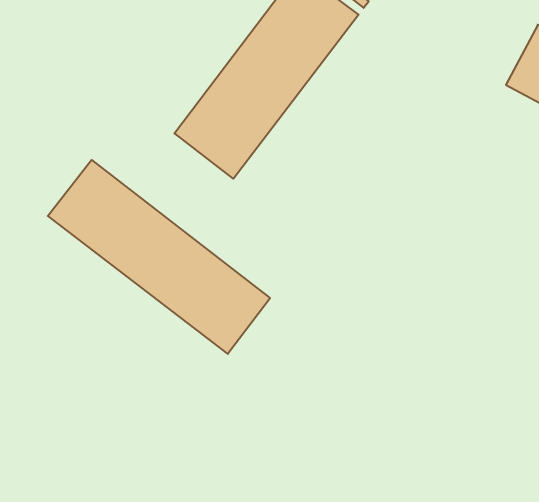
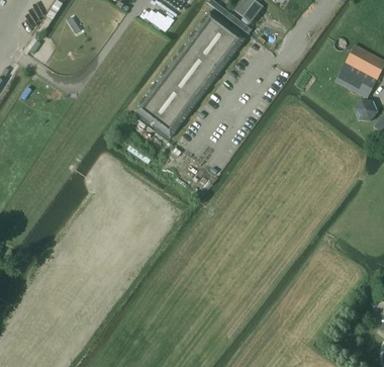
building: [48,160,270,354] -> none

